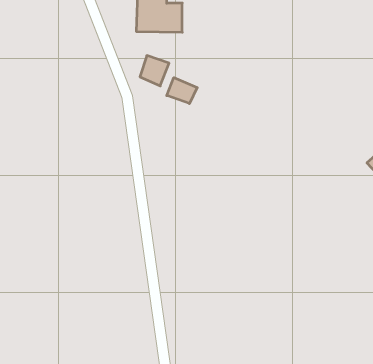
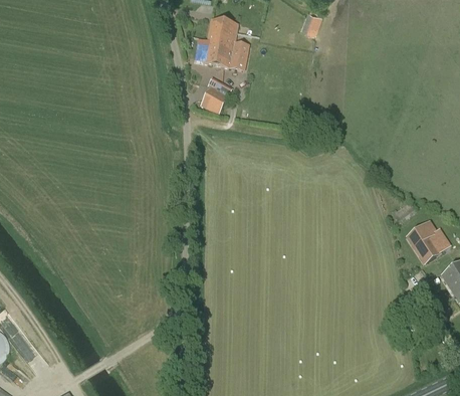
building: [167,78,197,104] -> none

